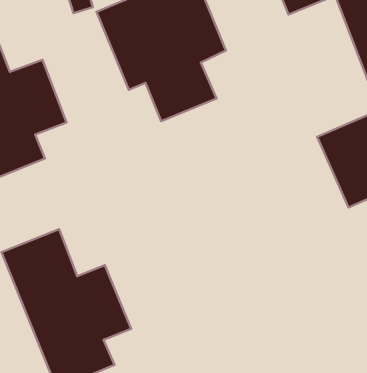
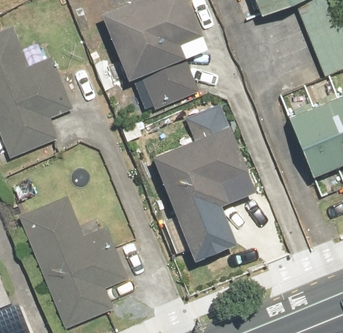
building: none -> [151,126,249,259]

